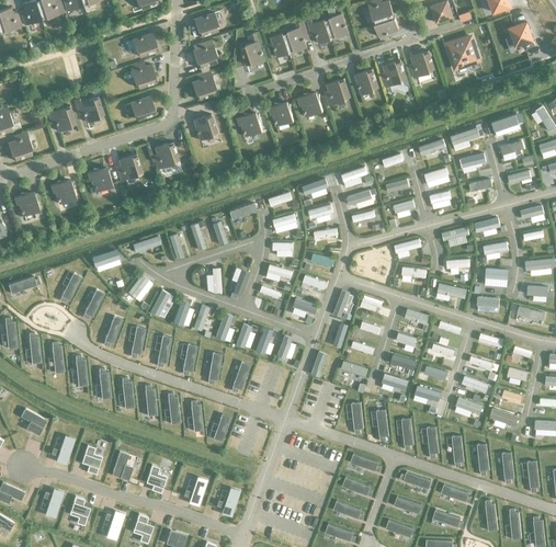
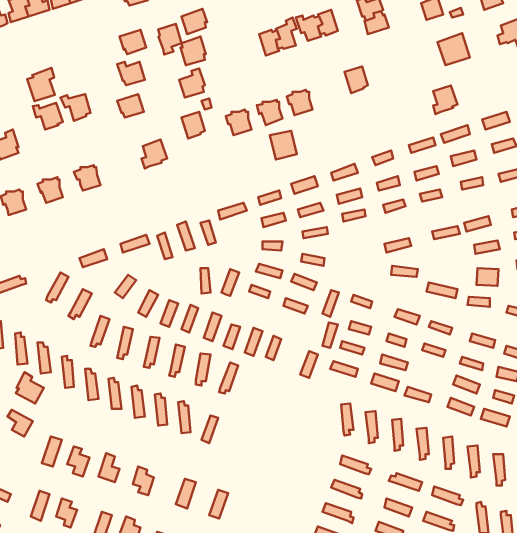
building: none -> [158,24,182,54]
building: [240,33,264,66] -> none
building: [410,50,434,79] -> [433,86,458,114]
building: [382,60,406,88] -> none
building: none -> [27,68,55,101]
building: [326,79,350,106] -> none
building: none -> [270,131,297,159]
building: [118,153,141,182] -> none
building: none -> [16,372,44,404]

